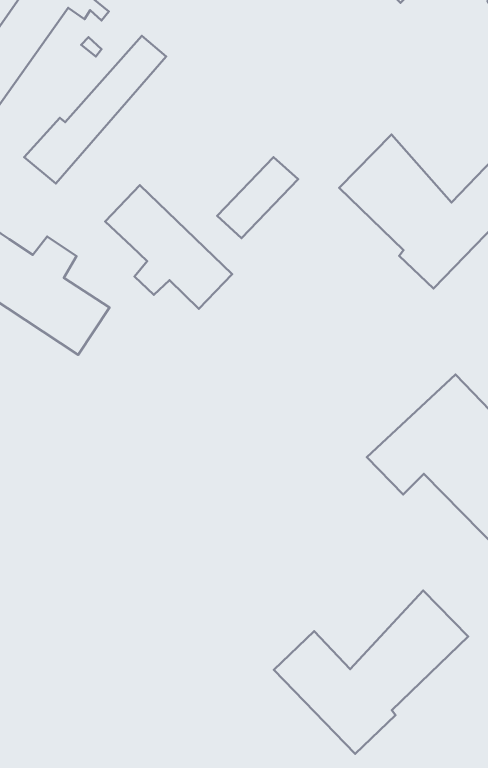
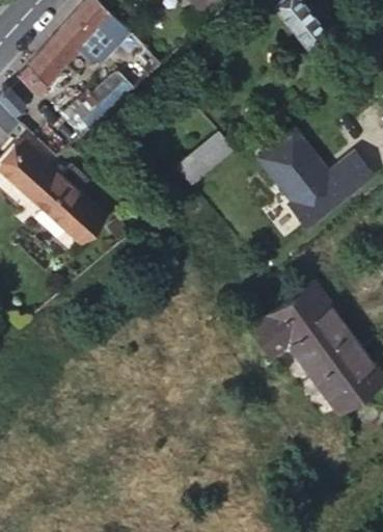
building: [105,185,232,309] -> none
building: [274,590,468,754] -> none

